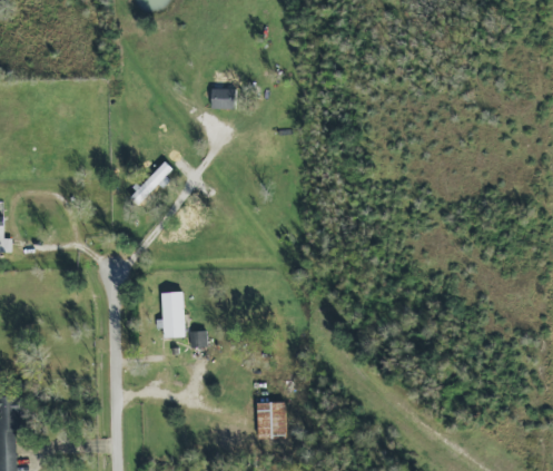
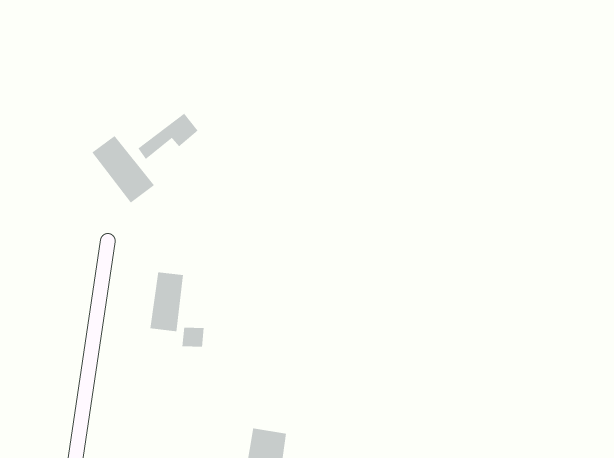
building: [210,88,236,108] -> none
building: none -> [92,135,155,204]

